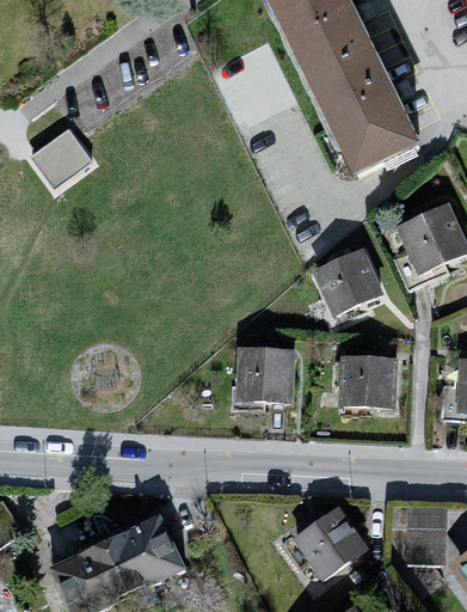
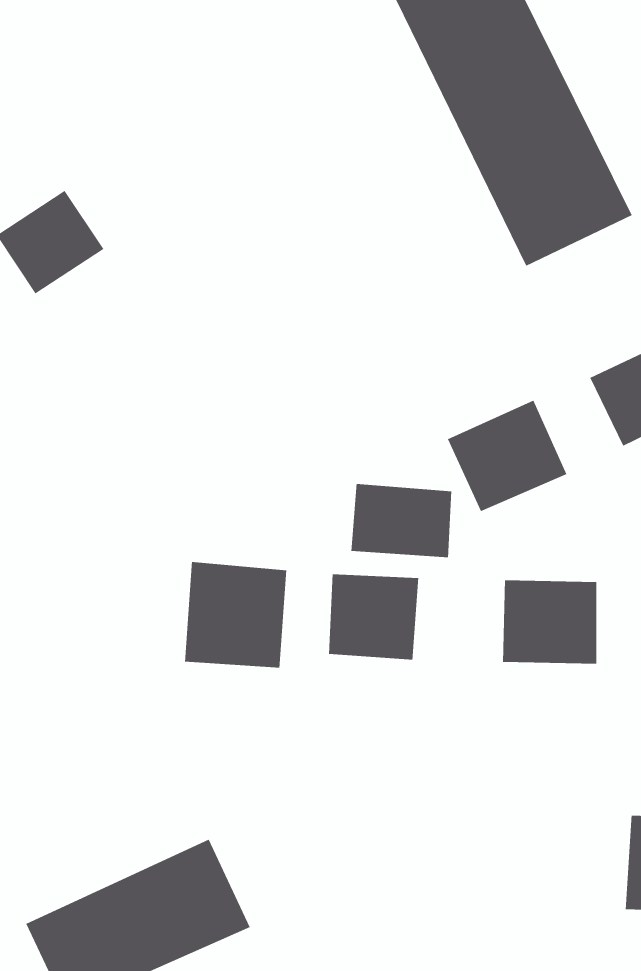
building: none -> [351,483,452,558]
building: none -> [184,561,287,669]
building: [295,506,373,582] -> none

